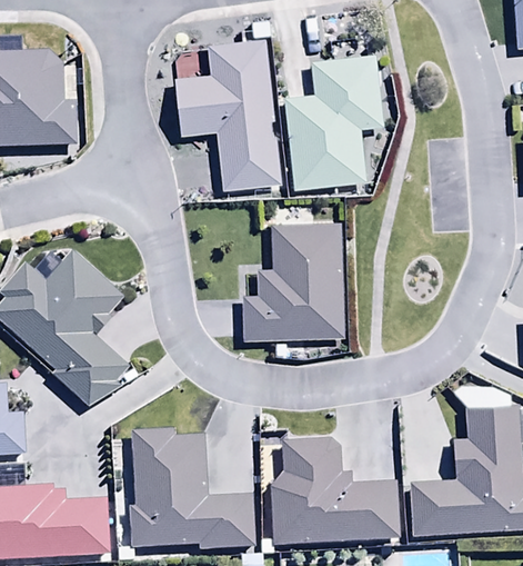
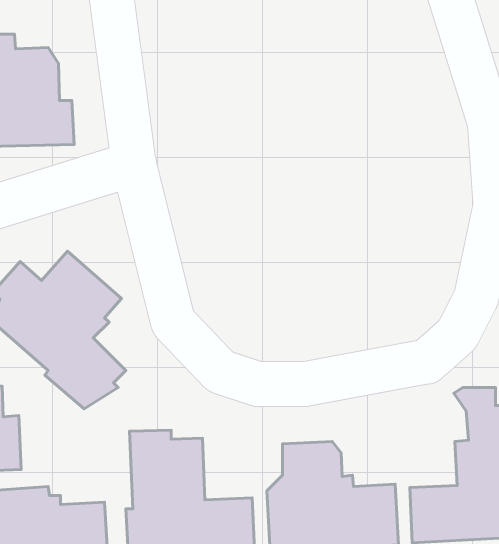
building: [175,39,282,189] -> none
building: [282,53,383,189] -> none
building: [242,220,343,340] -> none

